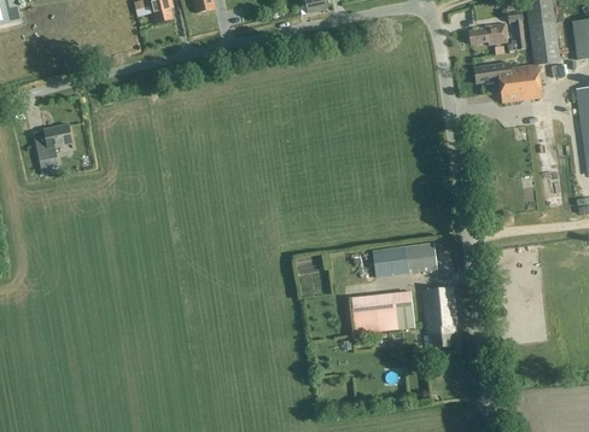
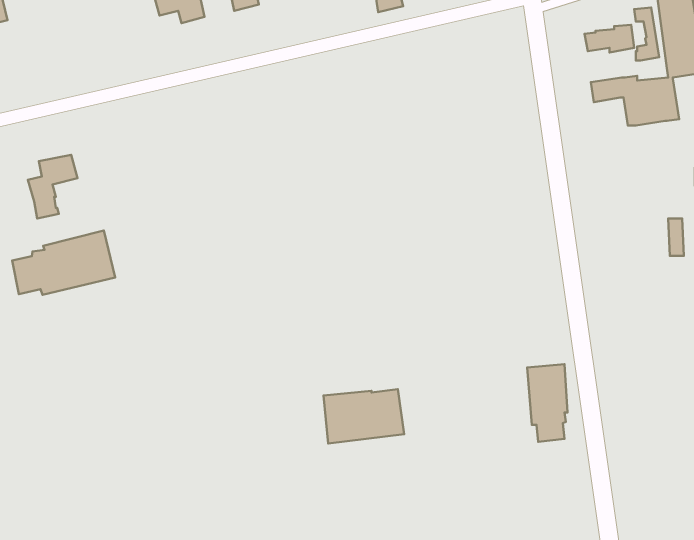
building: none -> [12,230,115,295]
building: [375,243,437,276] -> none
building: [351,292,414,334] -> [324,389,404,444]

